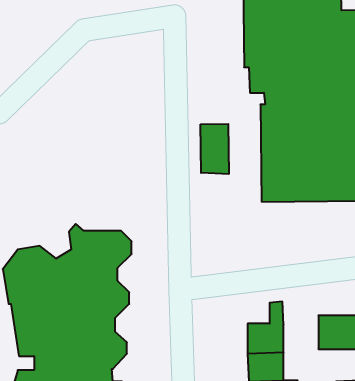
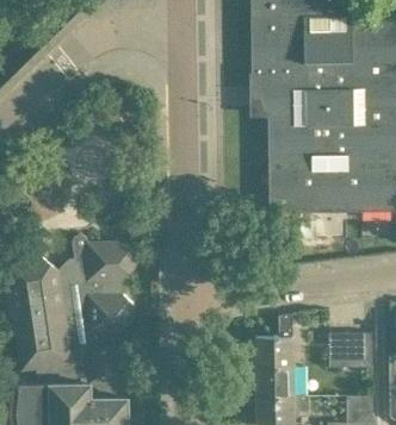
building: [201,124,229,174] -> none

